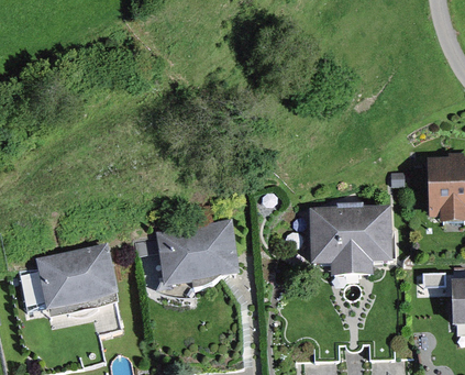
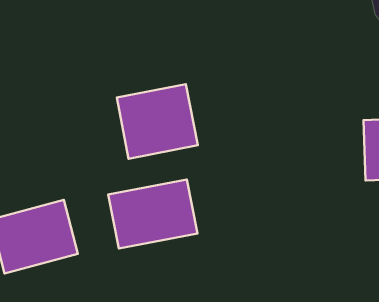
building: none -> [117,84,198,159]
building: [308,206,391,266] -> none

